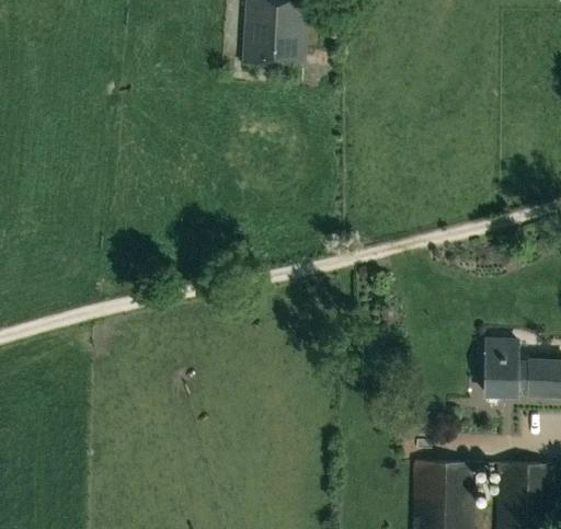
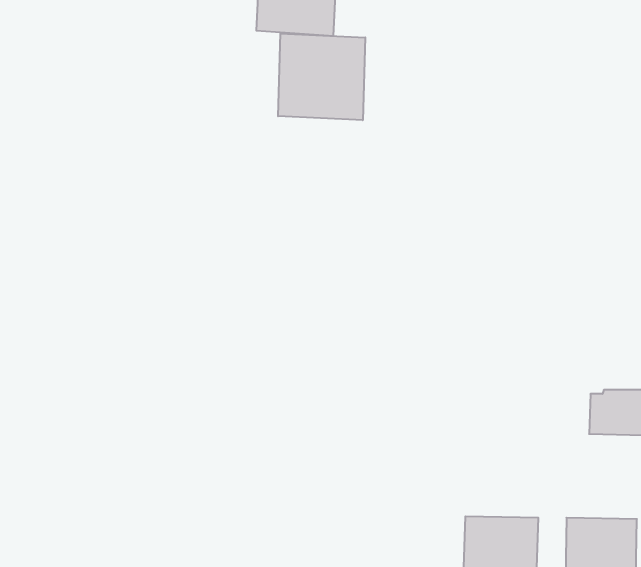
building: none -> [278,33,365,120]
building: [484,340,517,396] -> none

